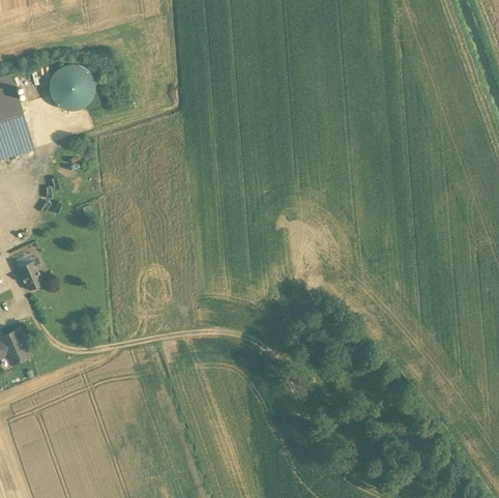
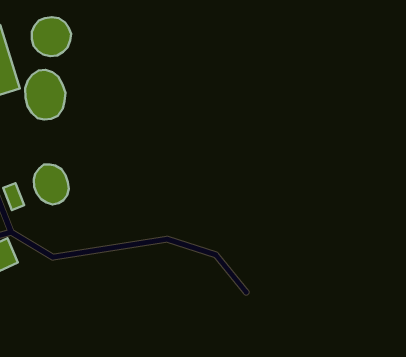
building: none -> [25,70,65,120]
building: none -> [34,164,69,204]

